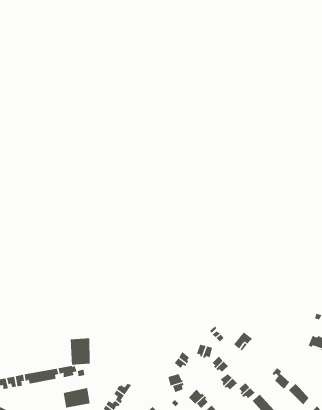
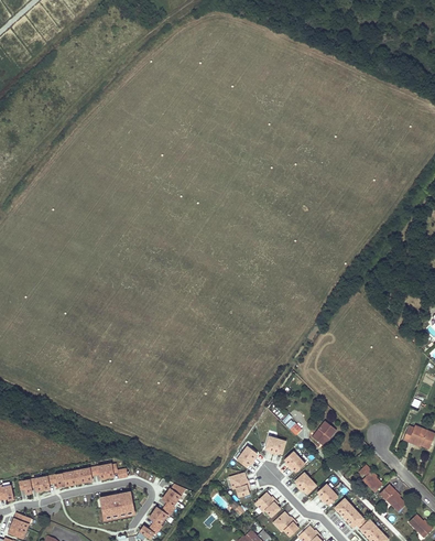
building: [70,338,90,365] -> none

